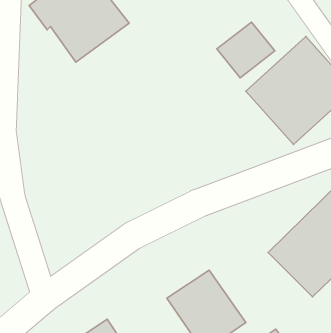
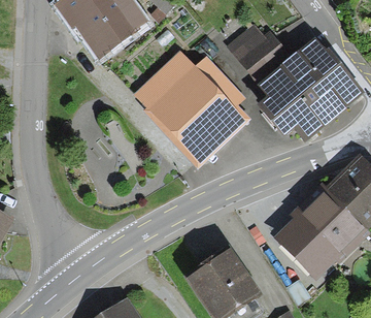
building: none -> [137,50,246,159]

